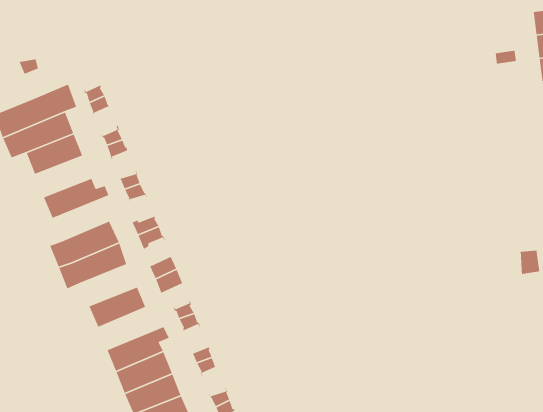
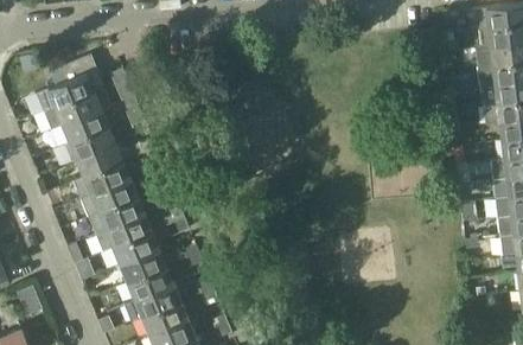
building: none -> [65,123,120,164]
building: none -> [75,159,134,199]
building: none -> [96,215,153,253]
building: none -> [121,249,174,283]

